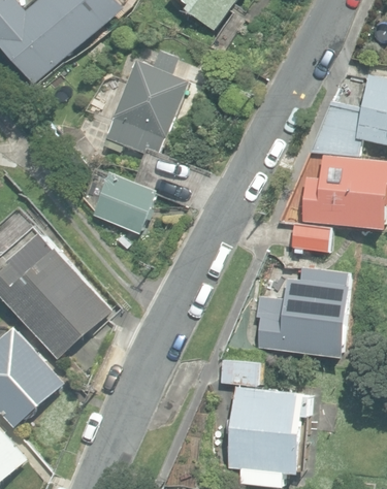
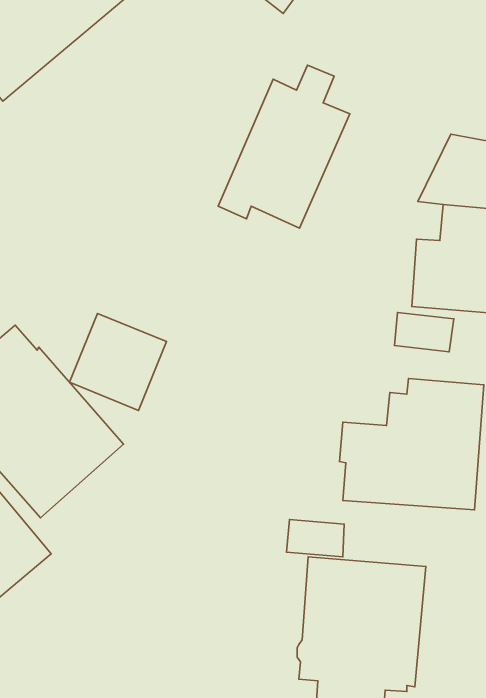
building: [101,52,188,159] -> [218,65,350,228]
building: [93,170,157,234] -> [69,313,167,410]

